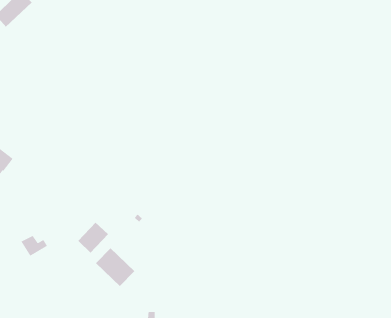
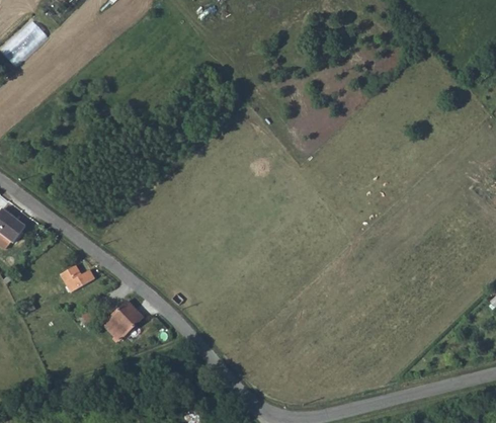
building: [21,235,48,257] -> [60,264,93,290]
building: [95,248,135,287] -> none

